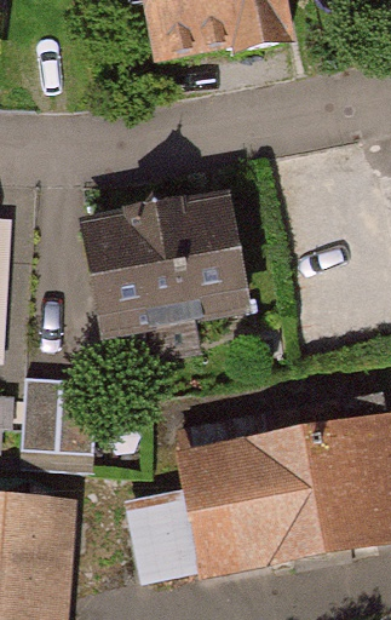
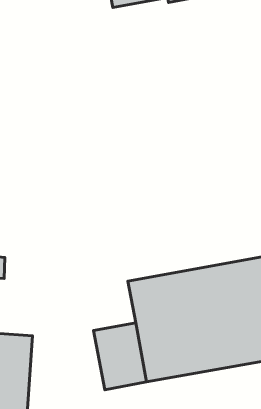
building: [90,201,245,334] -> none
building: [24,379,99,455] -> none

